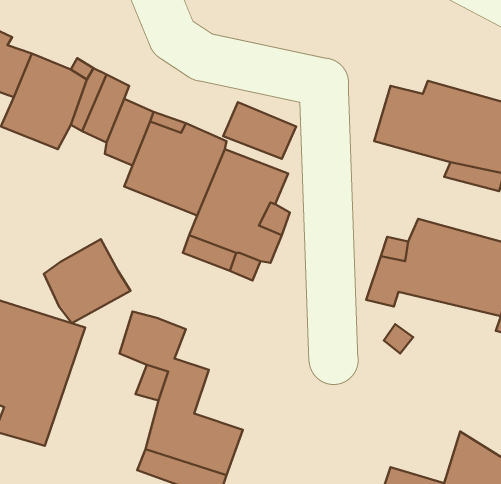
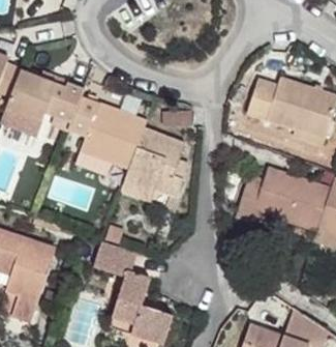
building: [44,239,130,323] -> none

